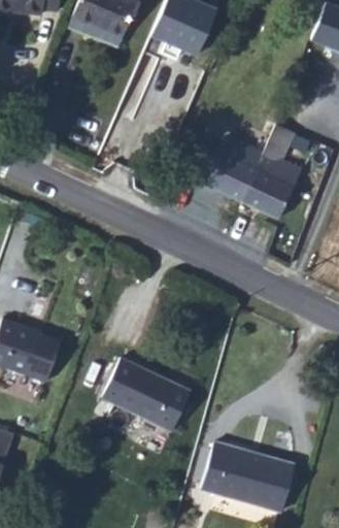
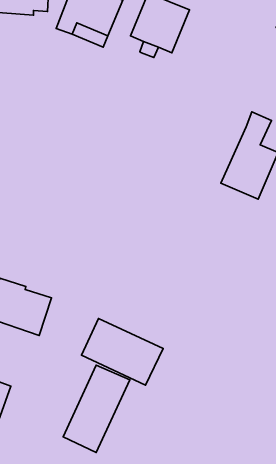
building: [213,143,270,209] -> none
building: none -> [63,365,130,452]
building: [194,435,287,506] -> none

